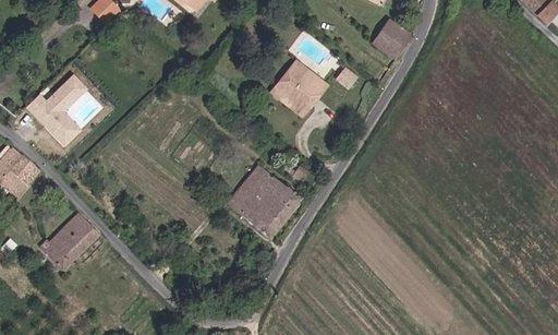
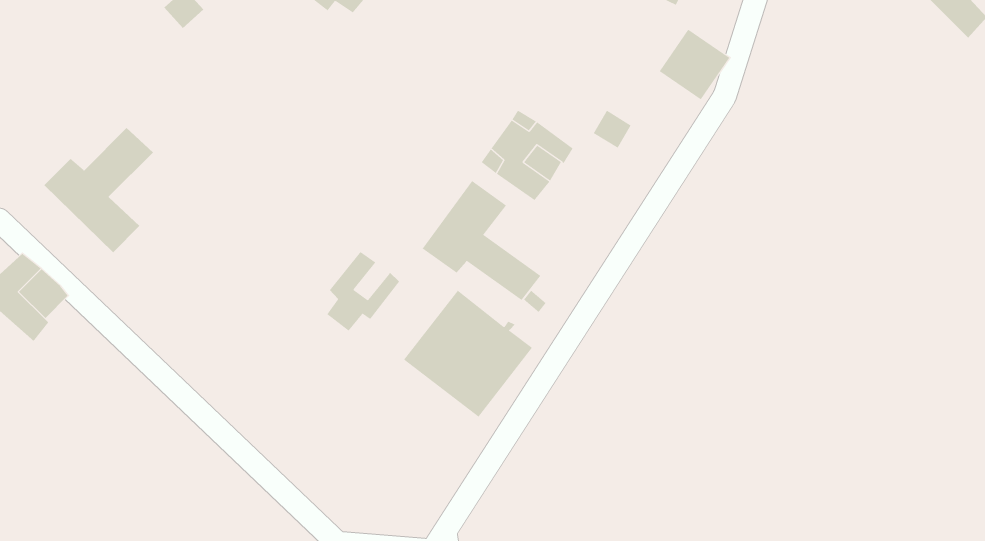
building: none -> [422,180,541,301]
building: none -> [327,251,400,331]
building: [39,211,100,267] -> none

